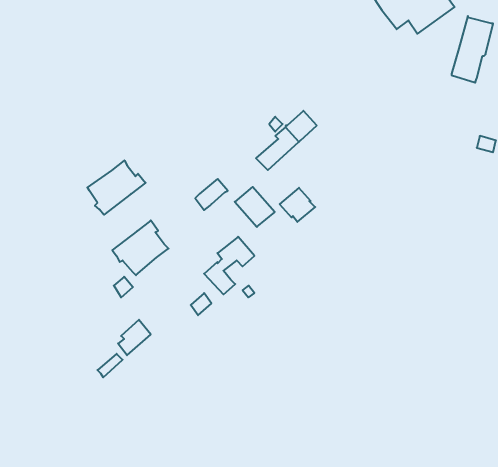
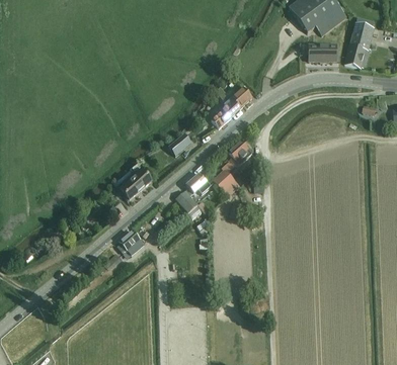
building: none -> [309,43,337,61]
building: [87,160,146,215] -> none
building: [235,187,275,227] -> [213,168,240,195]

